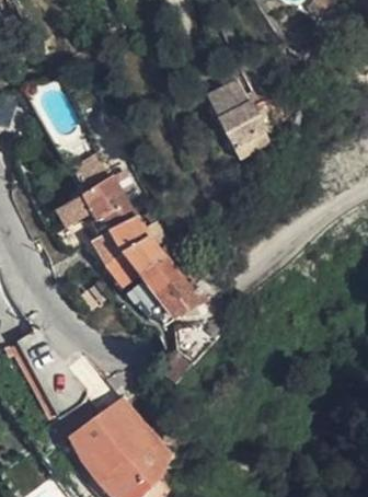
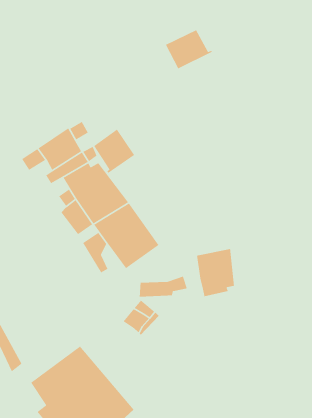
building: [217,101,271,154] -> none
building: none -> [93,129,135,174]
building: none -> [196,248,235,297]

